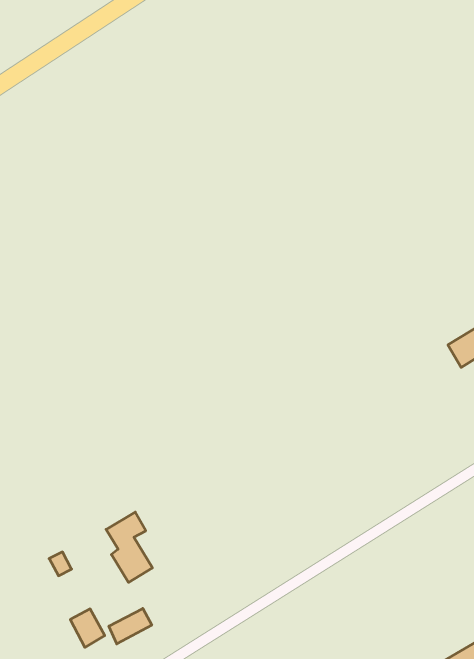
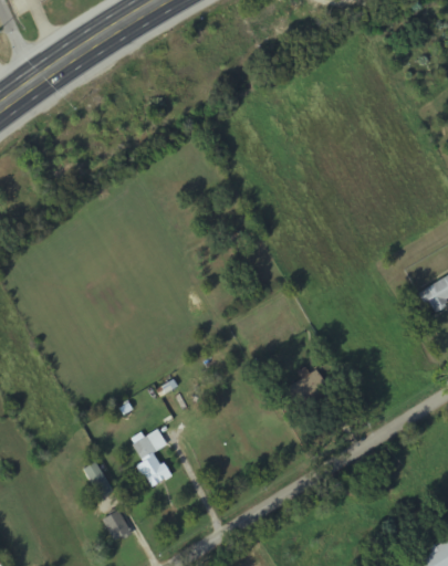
building: none -> [289,365,323,402]
building: [109,608,152,644] -> none

